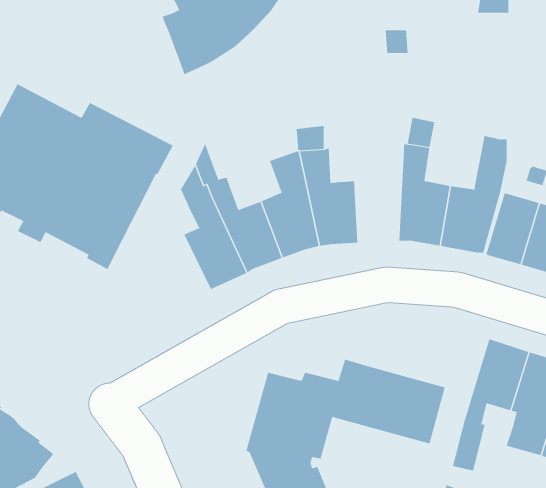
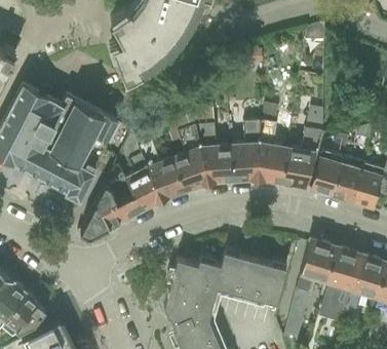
building: none -> [230,119,260,180]
building: none -> [80,160,142,235]

